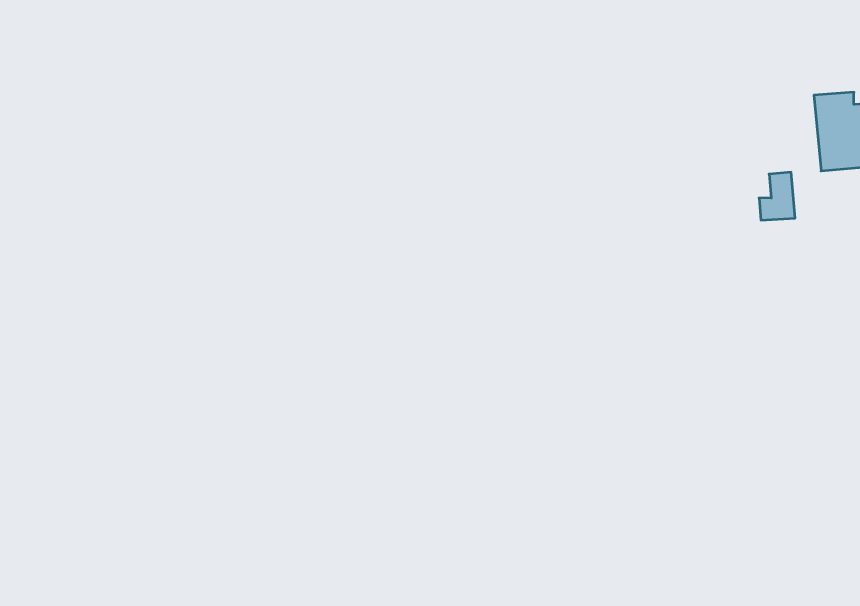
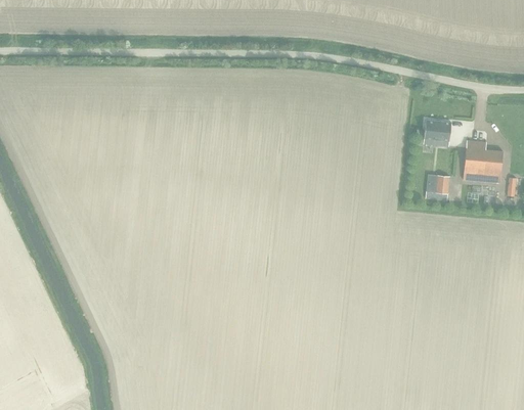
building: none -> [424,119,451,145]

